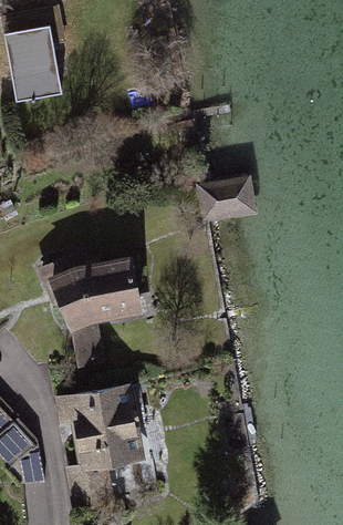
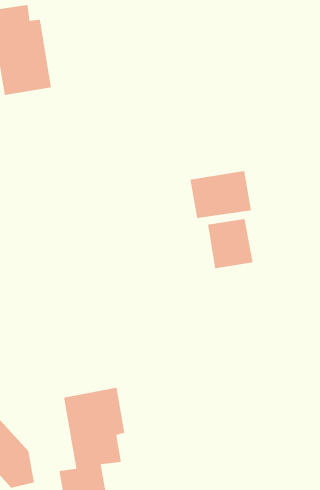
building: none -> [207,218,254,269]
building: [44,258,141,364] -> none

